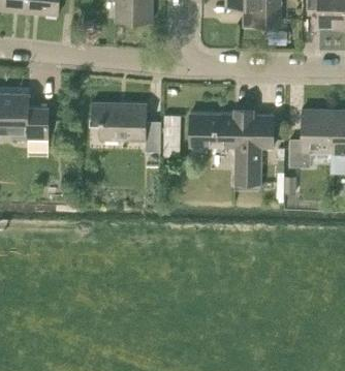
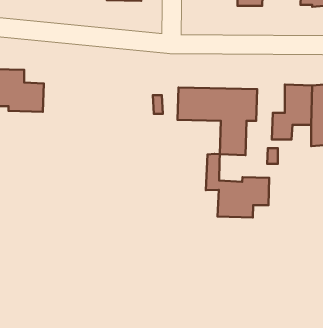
building: [91,103,160,152] -> none
building: none -> [206,154,269,217]

